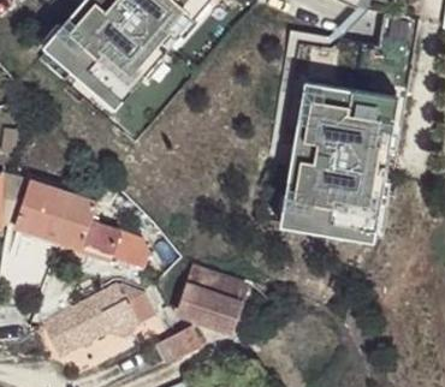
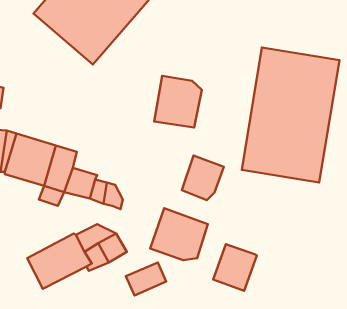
building: none -> [154,76,202,127]
building: none -> [182,156,224,200]
building: none -> [213,244,257,291]

